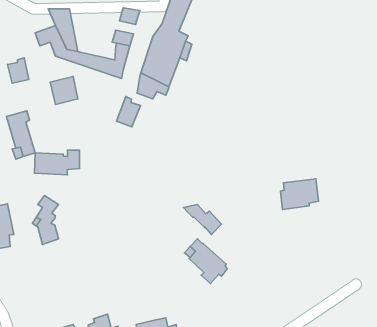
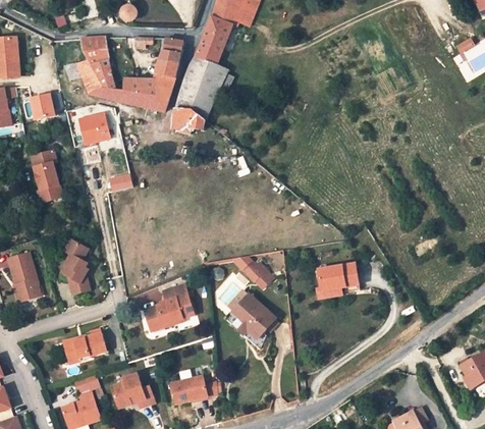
building: none -> [112,71,150,93]
building: [117,97,140,127] -> none
building: [34,150,80,175] -> none
building: [281,179,319,210] -> [312,262,354,296]
building: none -> [142,282,192,329]
building: none -> [60,328,104,364]

